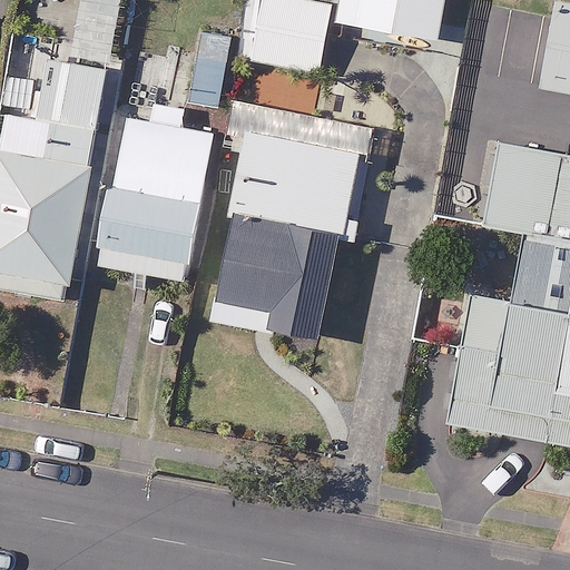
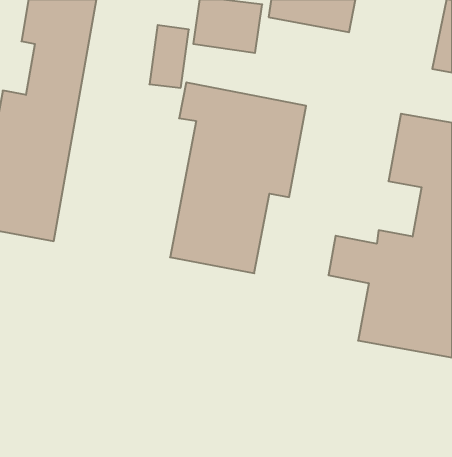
building: [96,119,215,282] -> none

